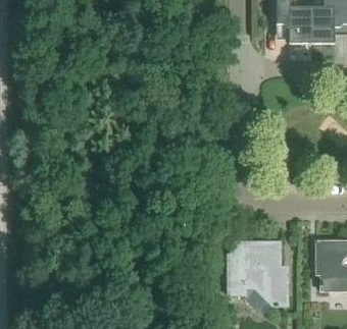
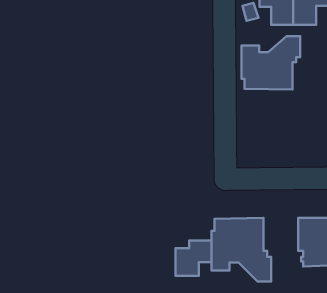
building: none -> [242,36,300,90]
building: none -> [175,241,212,276]

